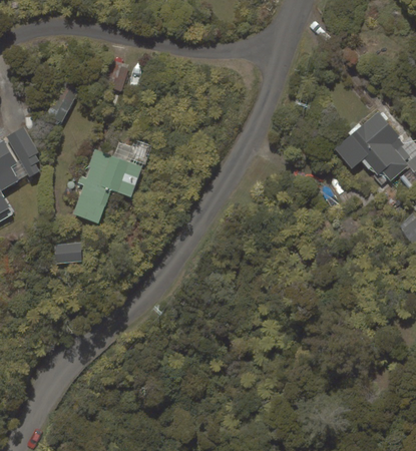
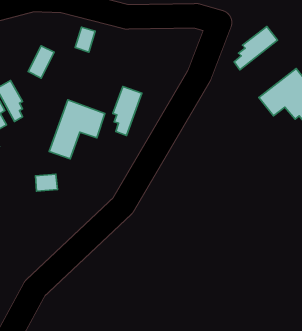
building: none -> [234,27,278,70]
building: none -> [113,87,142,135]

